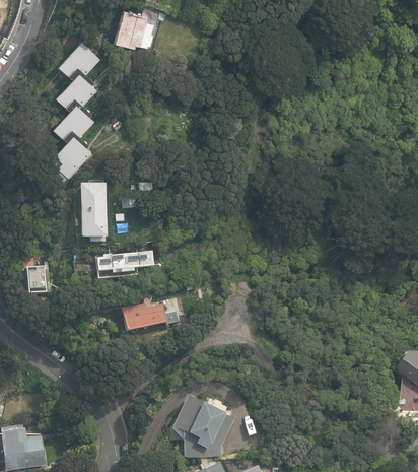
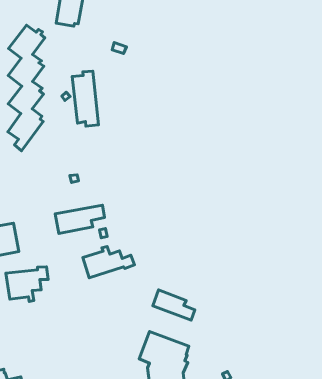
building: [81,182,106,243] -> [72,71,99,126]
building: none -> [6,267,48,302]
building: none -> [153,290,195,320]

